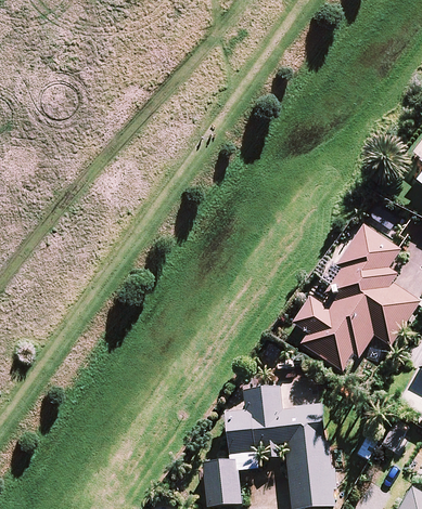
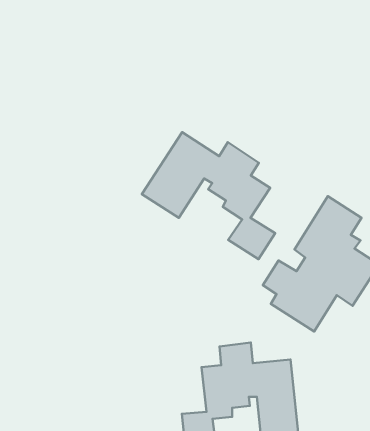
building: none -> [142,132,275,259]

